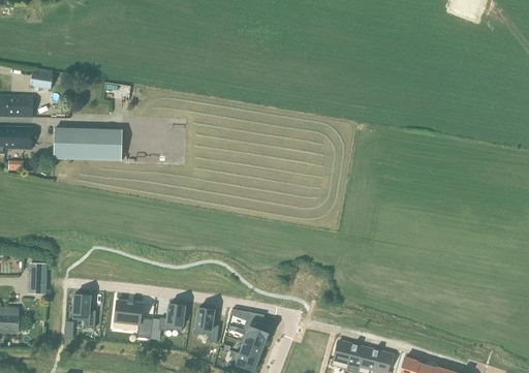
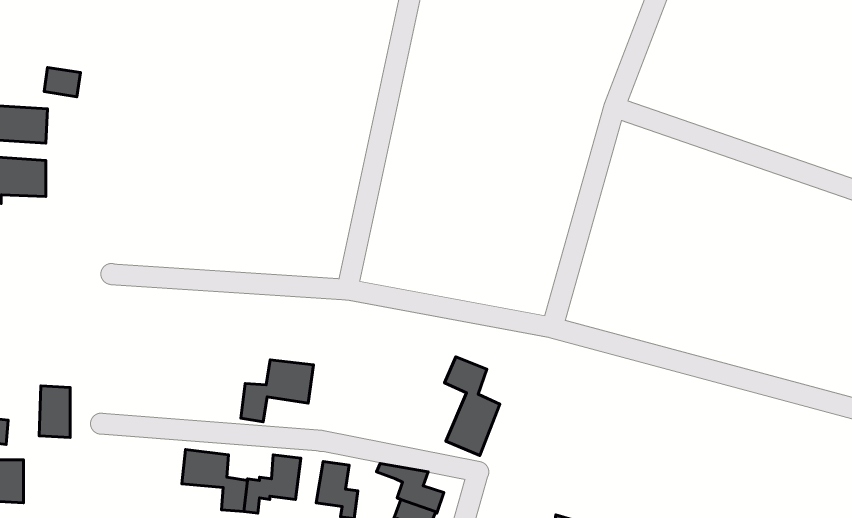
building: [49,129,117,162] -> none
building: none -> [445,357,500,455]
building: none -> [241,360,313,422]
building: [72,294,96,328] -> none

